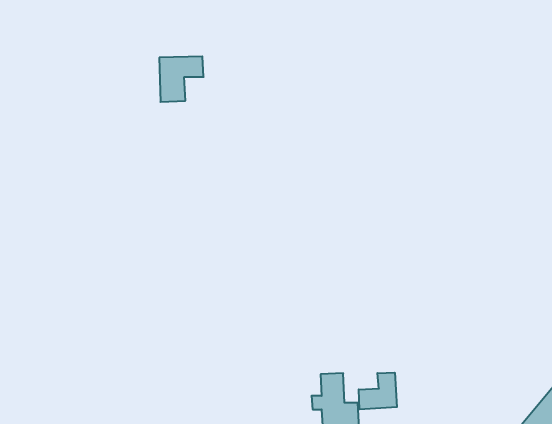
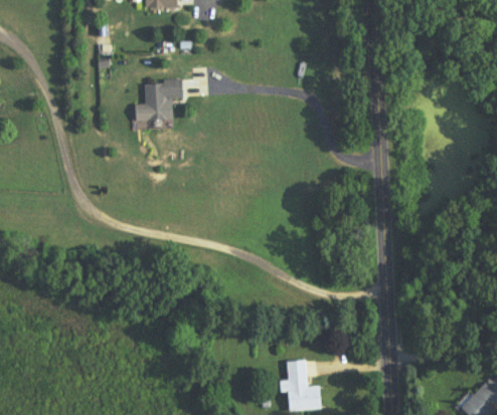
building: [359,373,397,409] -> none

